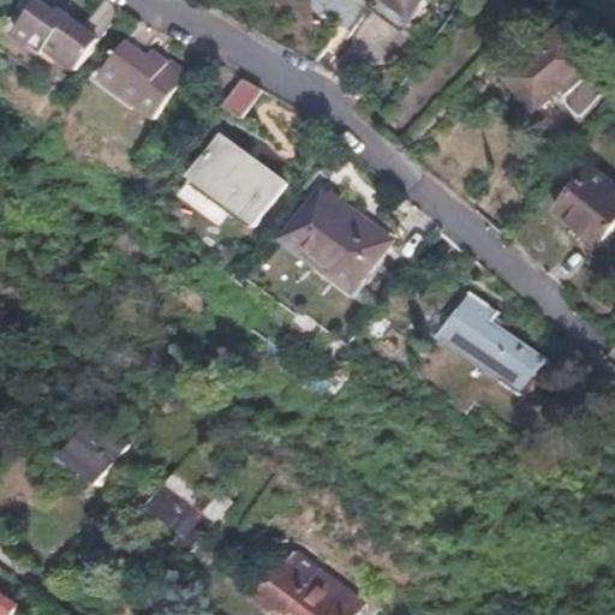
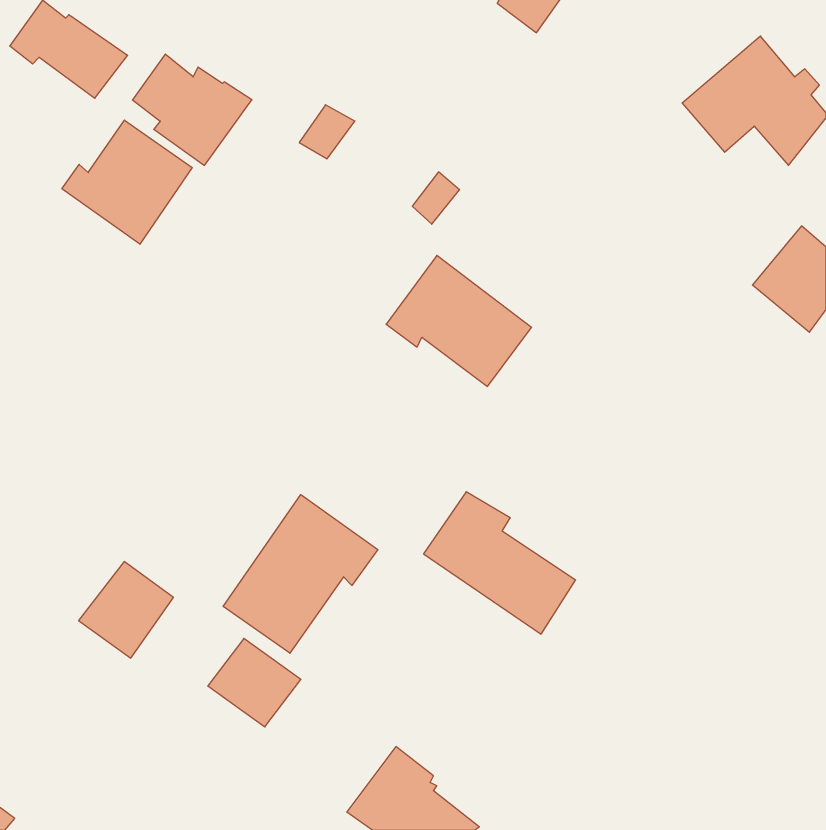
building: none -> [62,120,192,244]
building: [189,135,285,228] -> none
building: [431,289,543,394] -> [424,492,576,634]
building: none -> [223,495,378,653]

